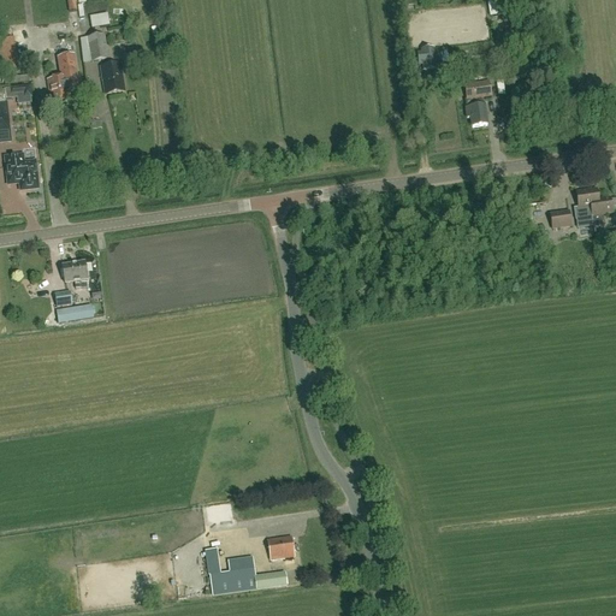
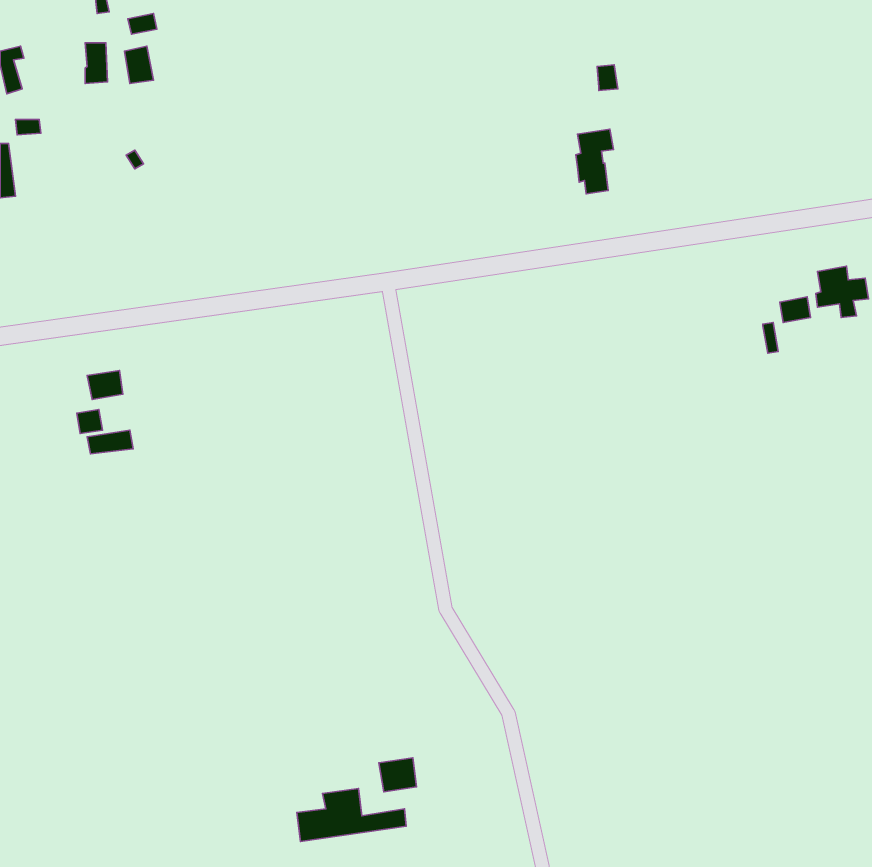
building: [100,61,124,91] -> none
building: [47,65,77,101] -> none
building: [464,79,491,125] -> [576,129,613,194]
building: [5,153,37,188] -> none

